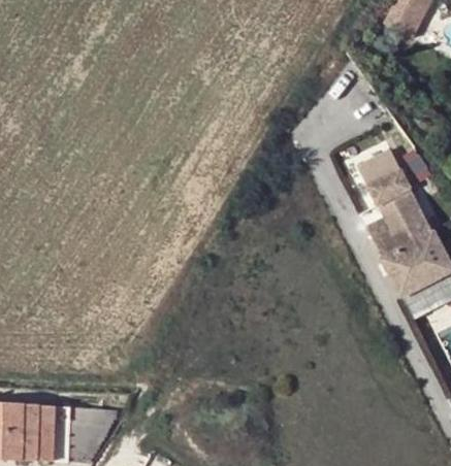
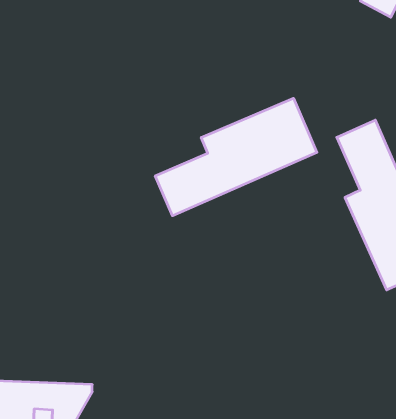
building: none -> [155,98,317,216]

